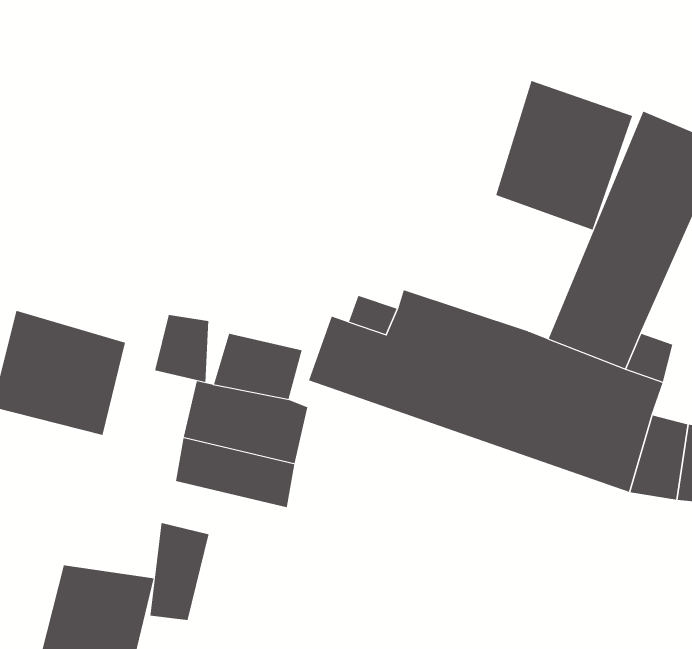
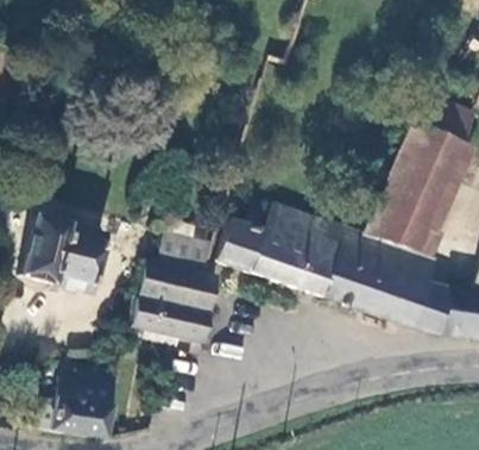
building: [496,80,633,230] -> none
building: [154,314,209,383] -> none
building: [150,522,209,621] -> none

